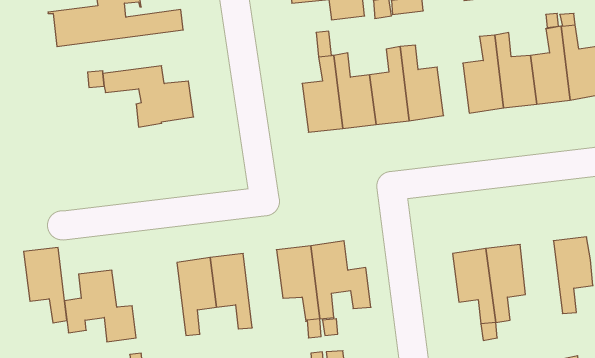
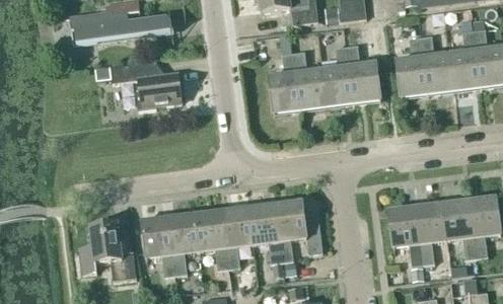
building: none -> [441,199,475,258]
building: [24,248,67,323] -> [141,216,175,276]
building: none -> [221,206,253,268]

